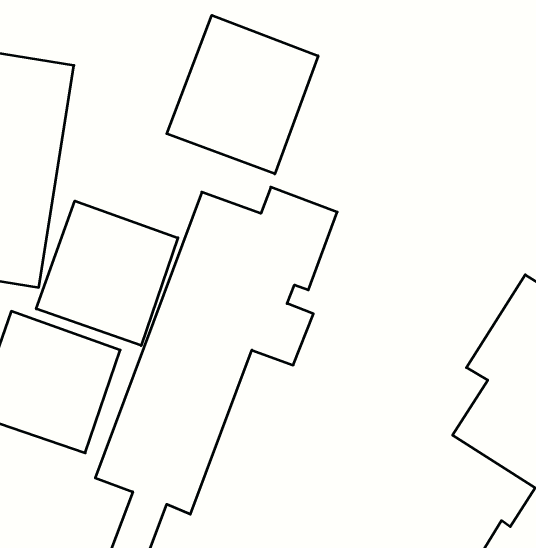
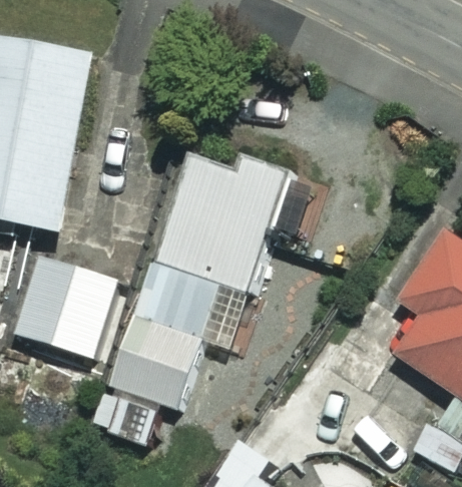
building: [167,15,318,174] -> none
building: [36,201,178,346] -> none

